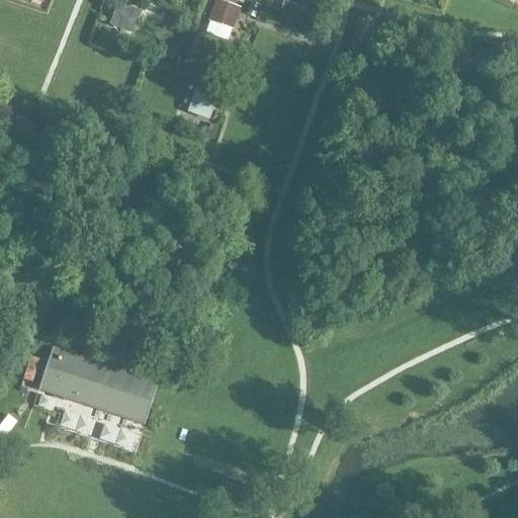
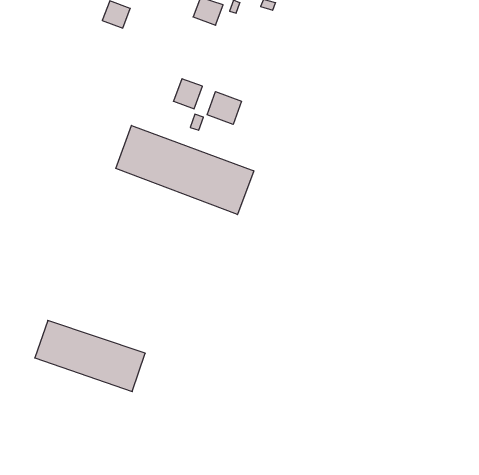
building: none -> [207,92,241,124]
building: none -> [116,125,254,215]

